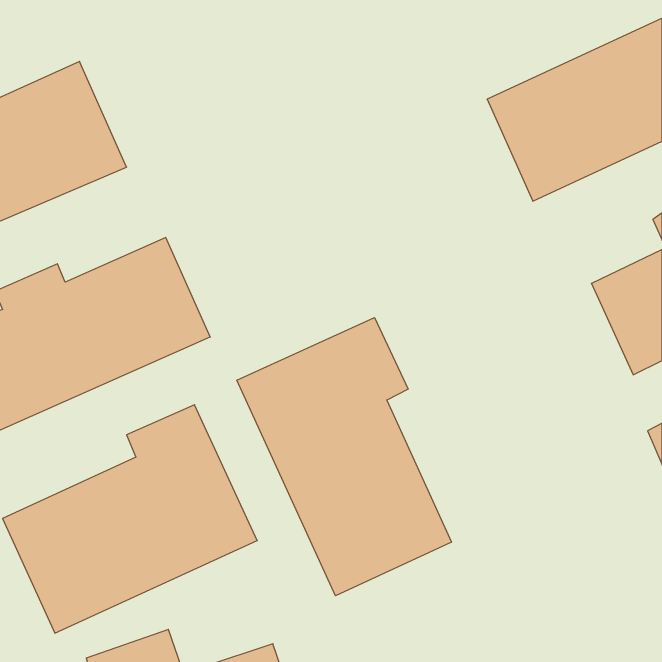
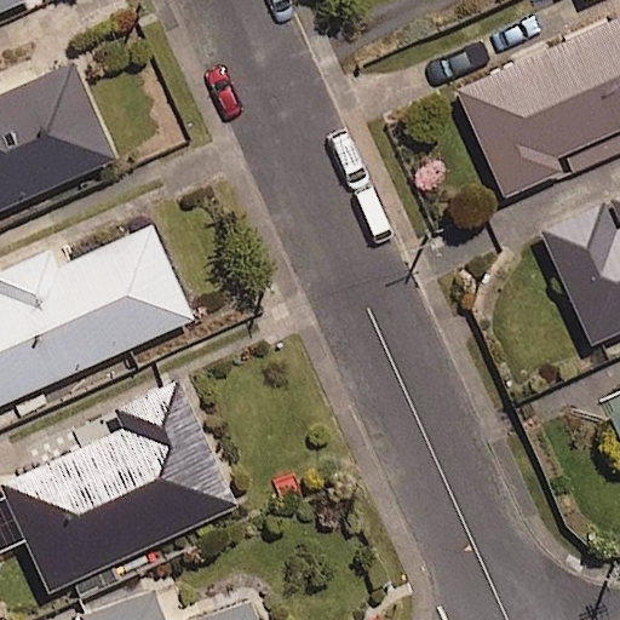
building: [237,318,451,596] -> none

